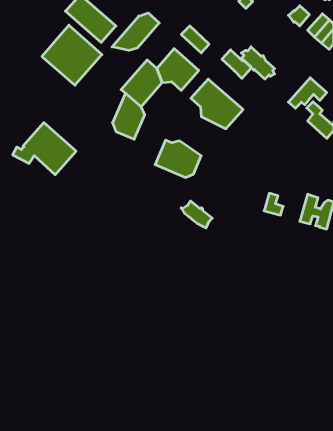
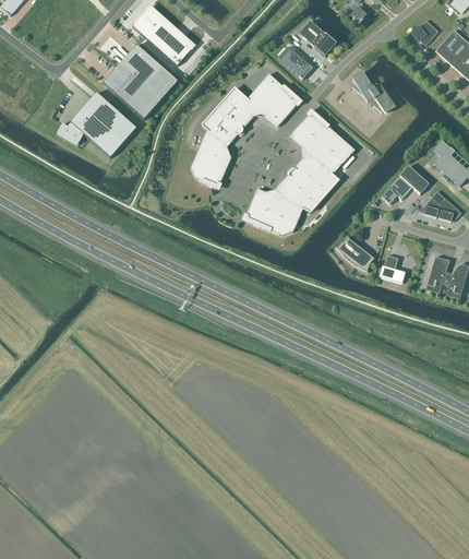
building: [112,13,159,50] -> none
building: [222,50,251,78] -> [299,20,336,56]
building: [288,78,327,108] -> [381,165,429,203]
building: none -> [275,158,338,211]
building: [13,123,76,175] -> [57,92,136,157]
building: none -> [419,190,461,222]
building: [181,201,212,228] -> [335,236,374,270]

